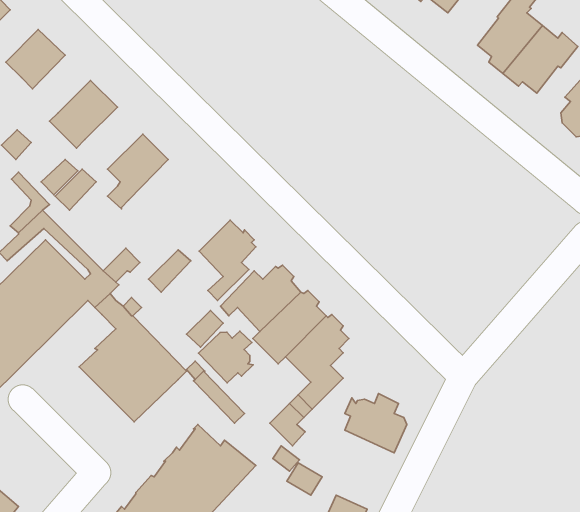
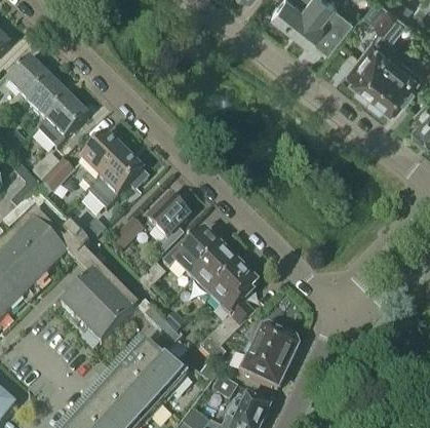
building: none -> [26,74,68,116]
building: none -> [87,150,147,205]
building: [199,331,253,383] -> none
building: none -> [236,344,288,387]

